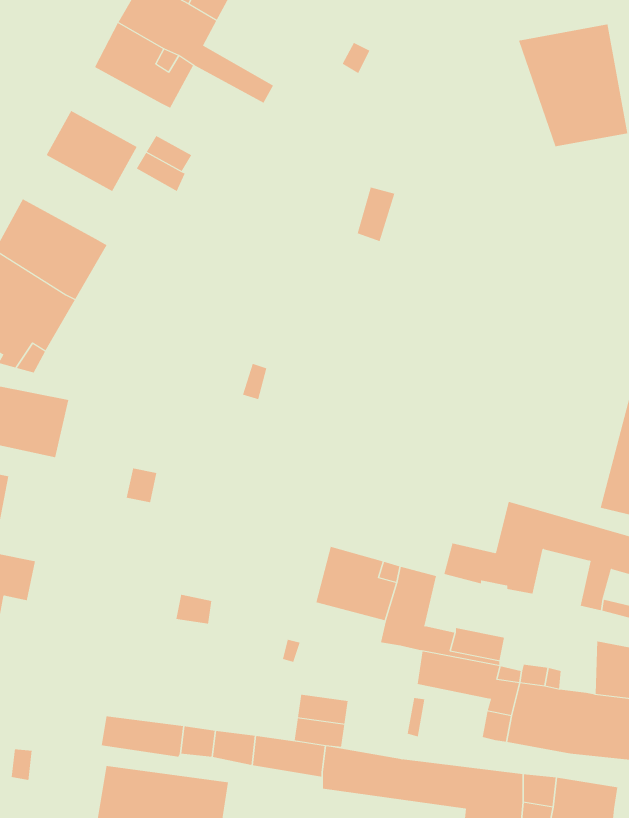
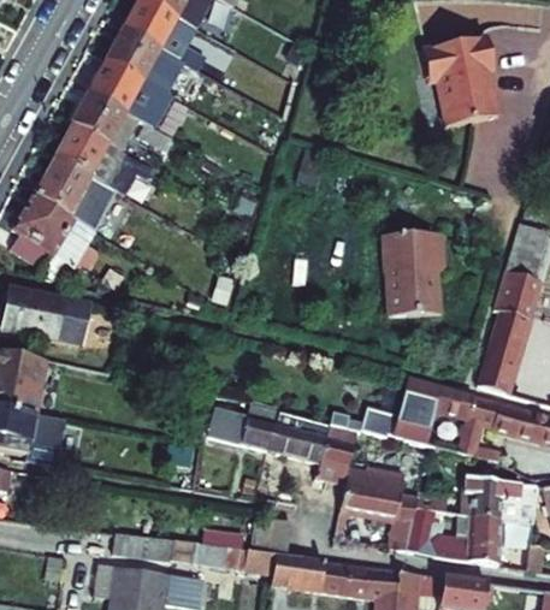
building: none -> [91,63,156,120]
building: none -> [57,126,153,196]
building: none -> [375,232,445,316]
building: none -> [208,402,279,450]

